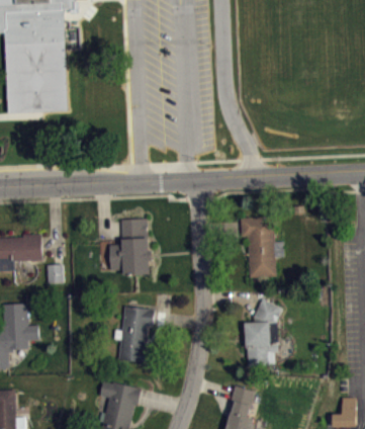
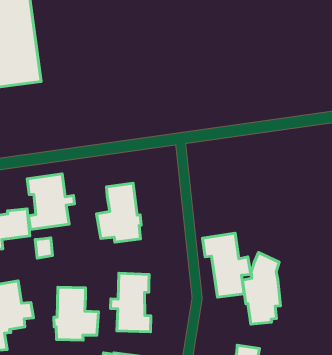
building: none -> [27,174,74,230]
building: [240,218,283,278] -> [202,233,251,297]
building: none -> [54,287,99,340]

